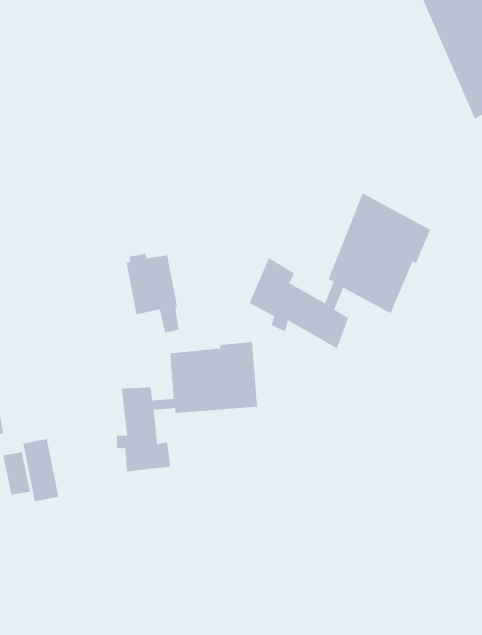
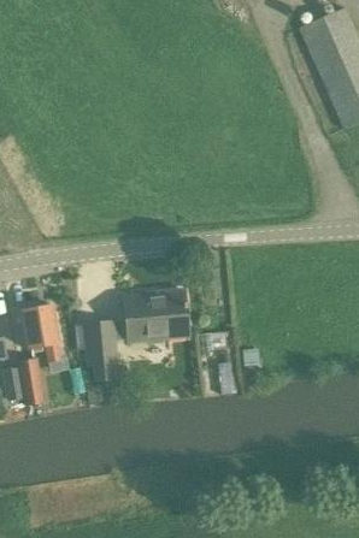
building: [249,193,431,349] -> none
building: [126,253,179,333] -> [20,303,59,361]

